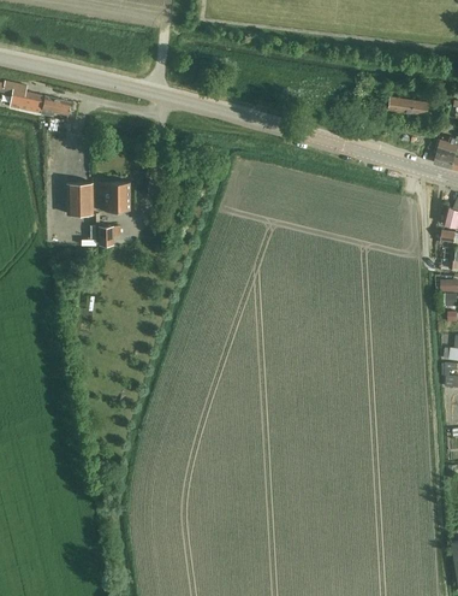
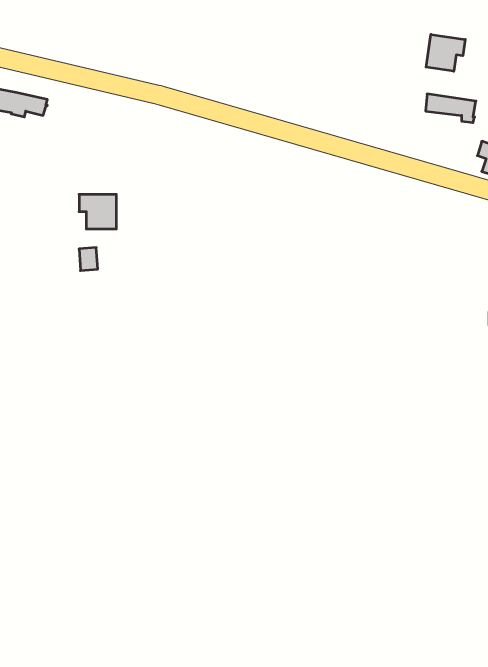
building: none -> [426,34,465,71]
building: [65,181,91,212] -> none

